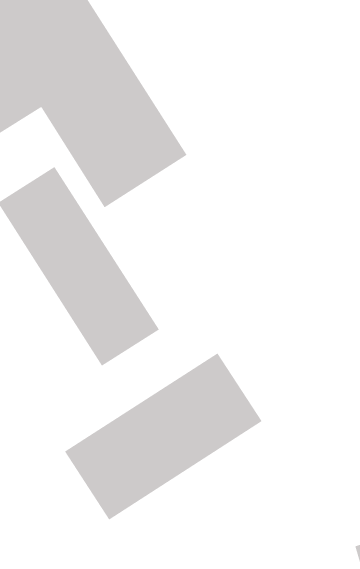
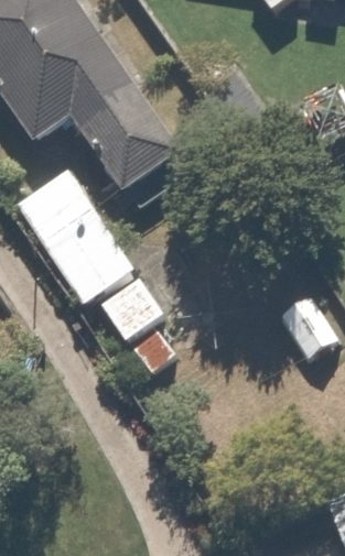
building: [64,352,263,520] -> none

